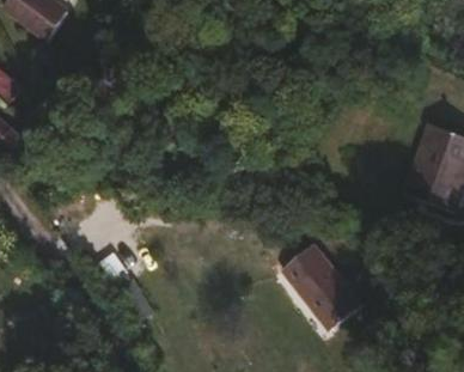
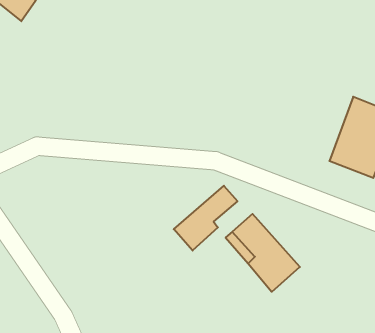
building: none -> [174,186,237,251]

